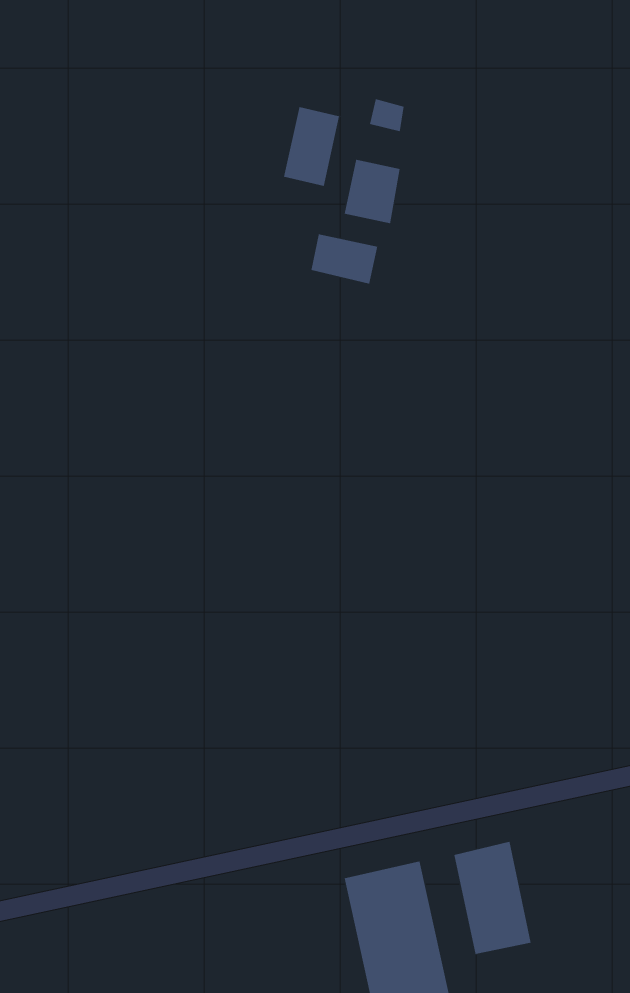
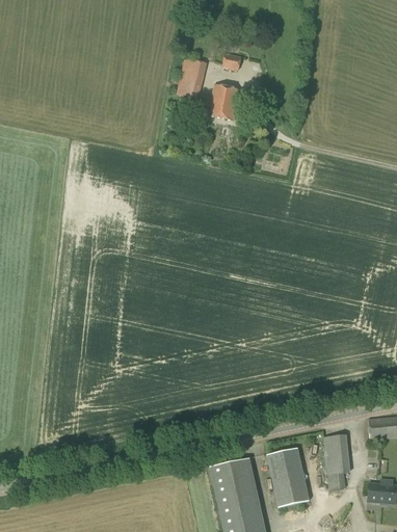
building: [311,233,378,285] -> none
building: none -> [324,434,350,490]

